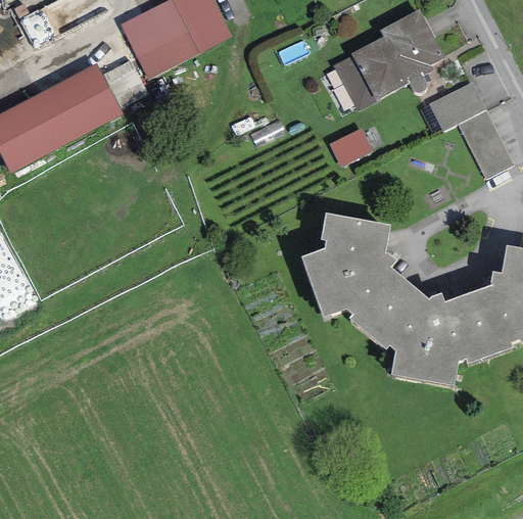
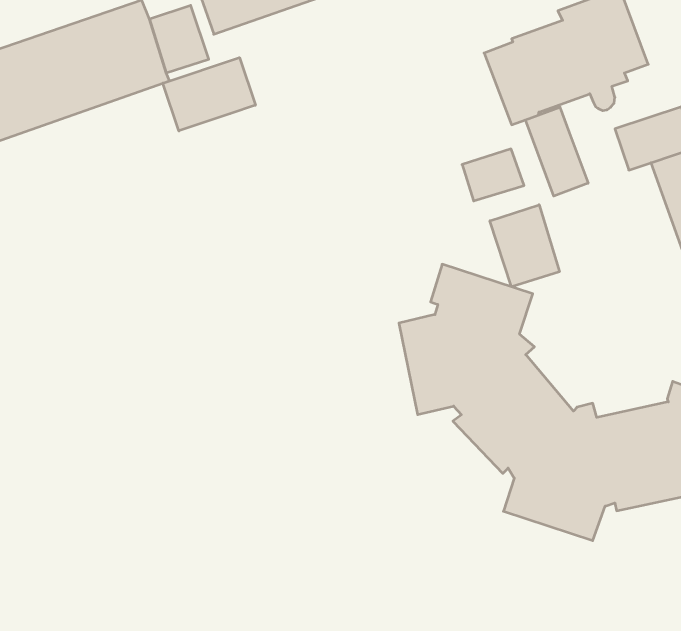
building: none -> [163,58,255,131]
building: none -> [525,107,588,196]
building: none -> [490,205,559,287]

